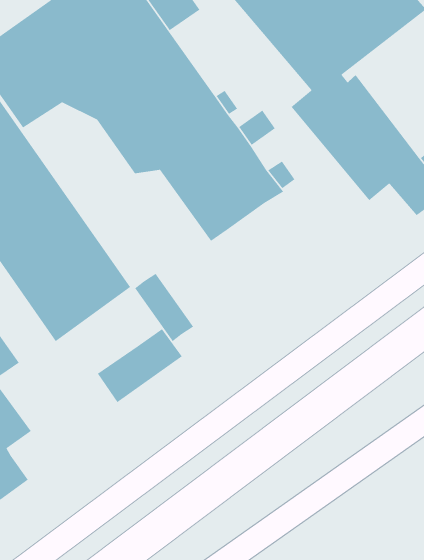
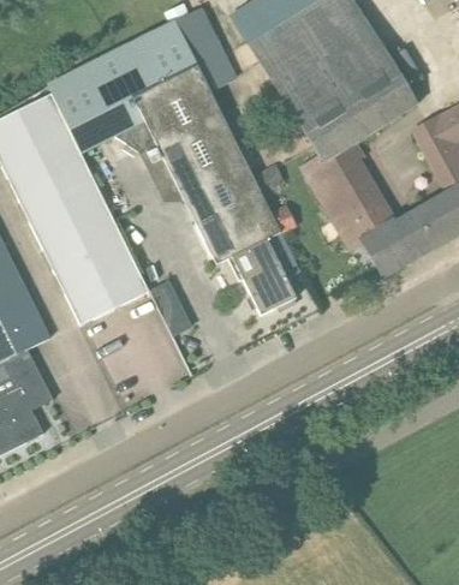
building: none -> [232,233,302,315]
building: [97,328,183,403] -> none

